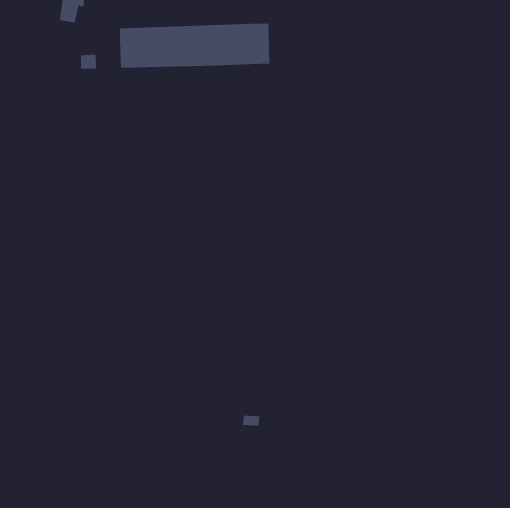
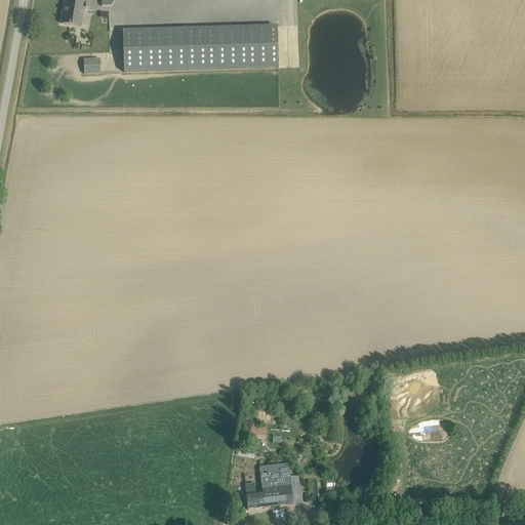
building: none -> [245,463,300,507]

